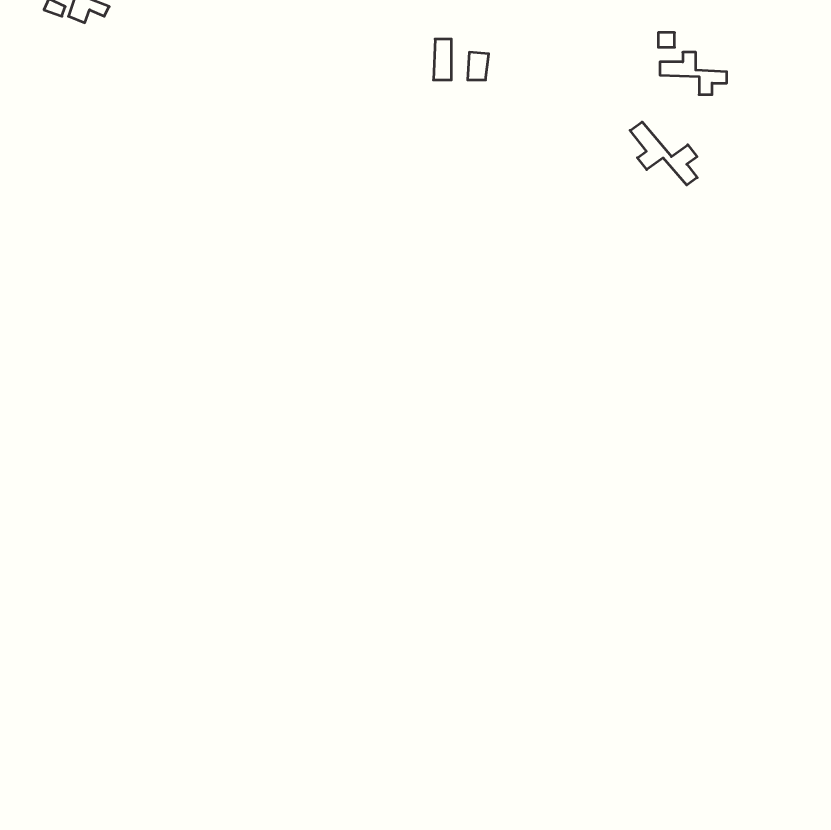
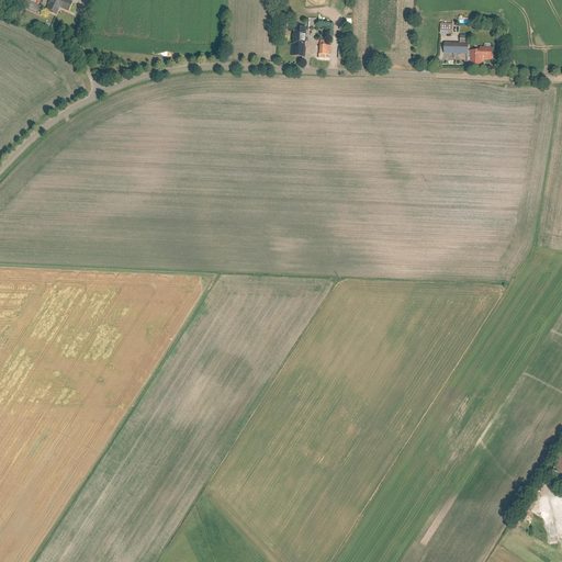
building: [630,122,697,185] -> none

